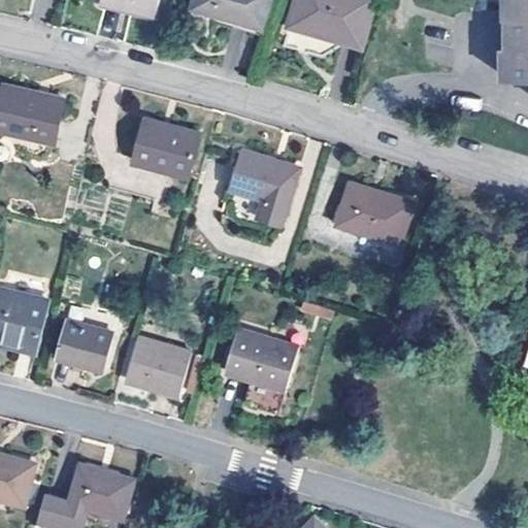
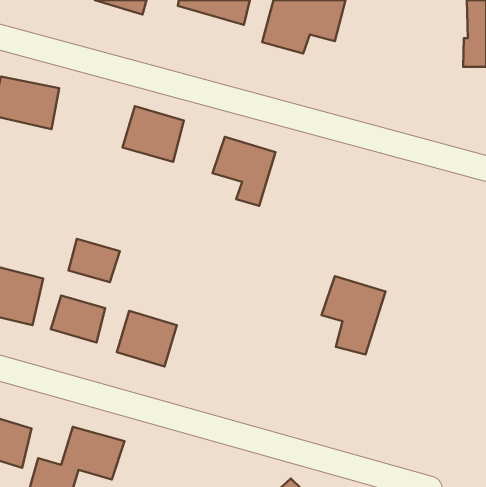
building: [336,180,411,241] -> none
building: none -> [68,239,120,282]
building: [227,330,296,415] -> [322,276,386,355]

